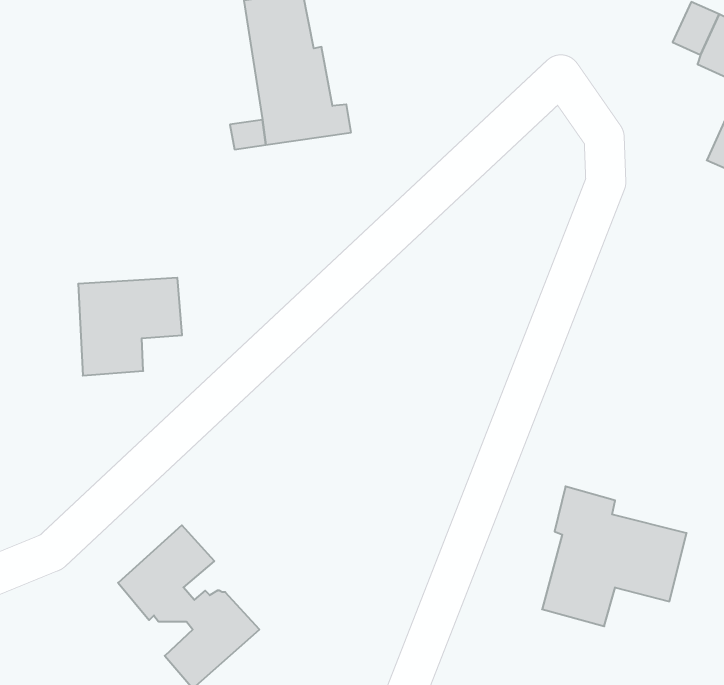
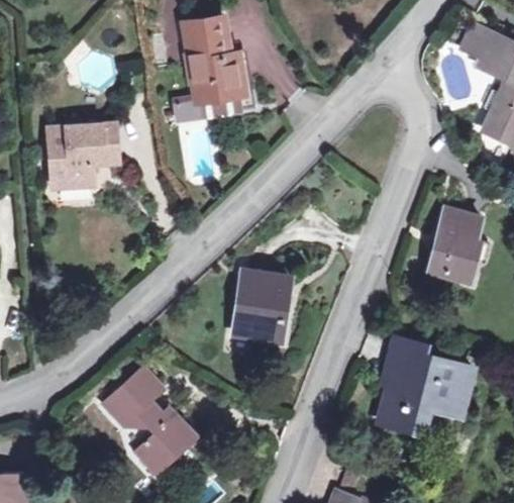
building: [78,278,182,376] -> [49,124,117,188]
building: none -> [429,210,482,282]
building: none -> [233,273,290,341]

